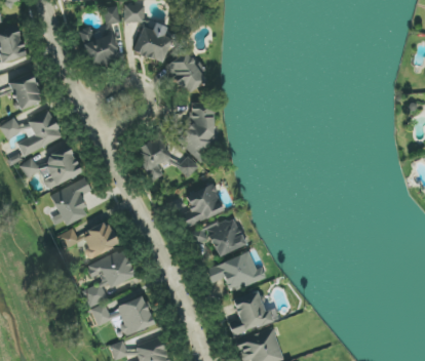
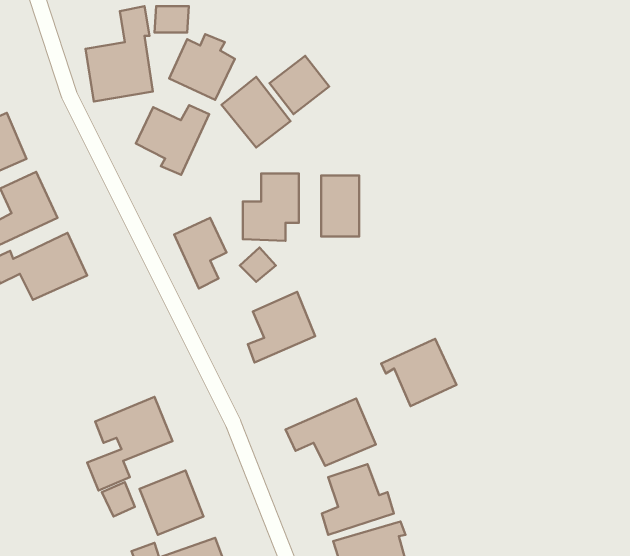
building: none -> [270,56,329,114]
building: none -> [136,105,209,175]
building: none -> [321,176,359,236]
building: [50,178,89,226] -> none
building: [199,215,246,257] -> [381,339,457,406]
building: [56,220,118,259] -> none

